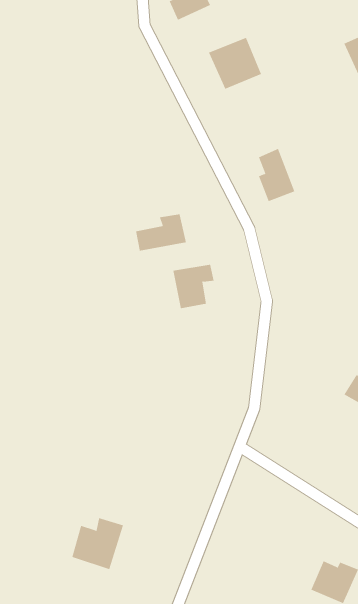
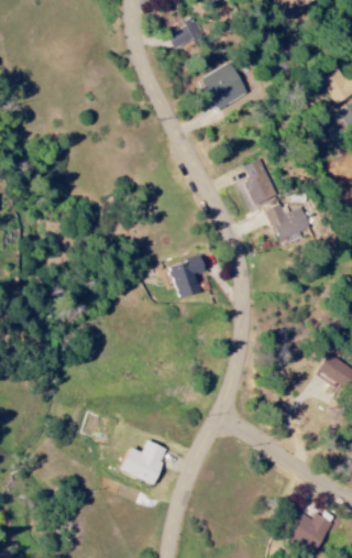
building: none -> [265,204,311,242]
building: [136,214,187,252] -> none
building: [72,517,124,570] -> [122,440,167,485]

